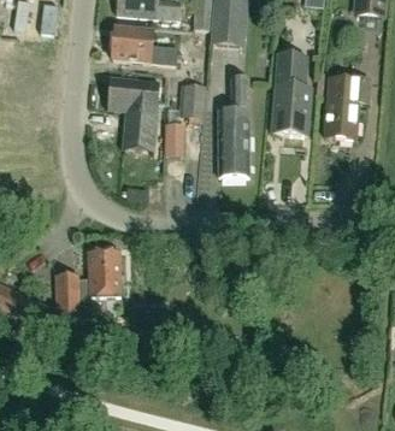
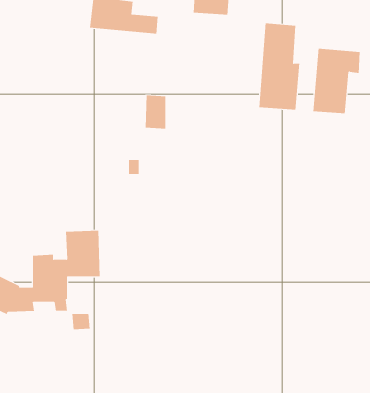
building: [106,76,159,152] -> none
building: [217,77,250,176] -> none
building: [181,82,204,123] -> none

